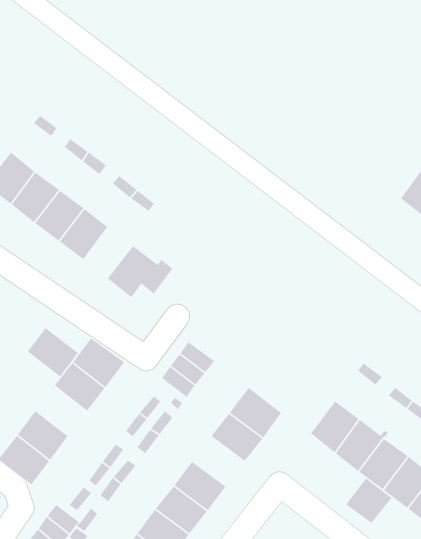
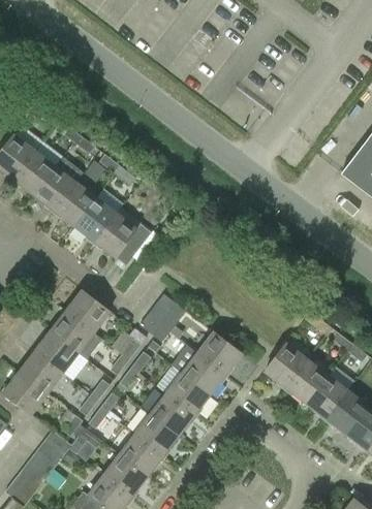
building: none -> [74,197,116,241]
building: [27,327,79,378] -> [34,330,78,373]
building: none -> [165,373,210,415]
building: [345,477,393,524] -> none

